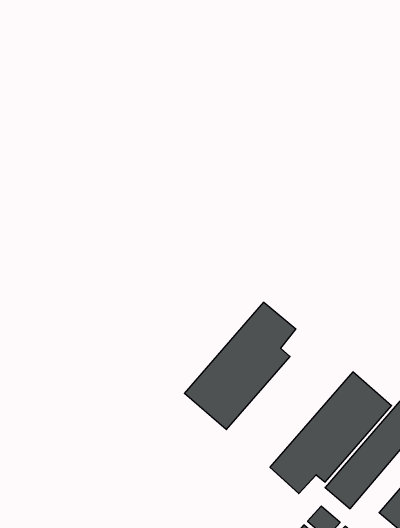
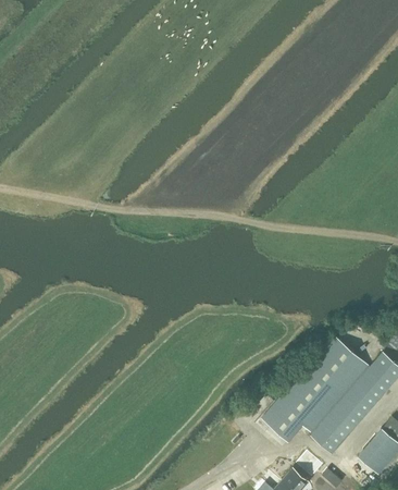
building: [184,302,296,430] -> none

